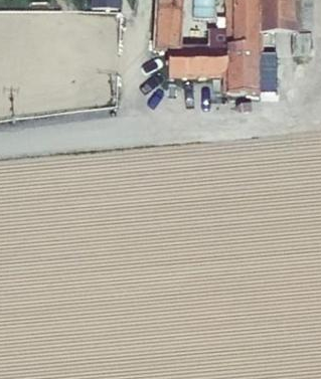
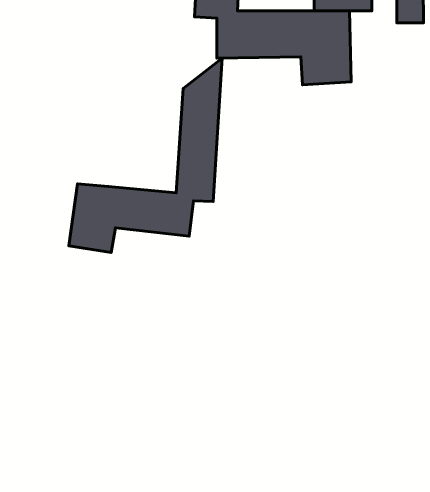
building: none -> [69,58,222,252]

